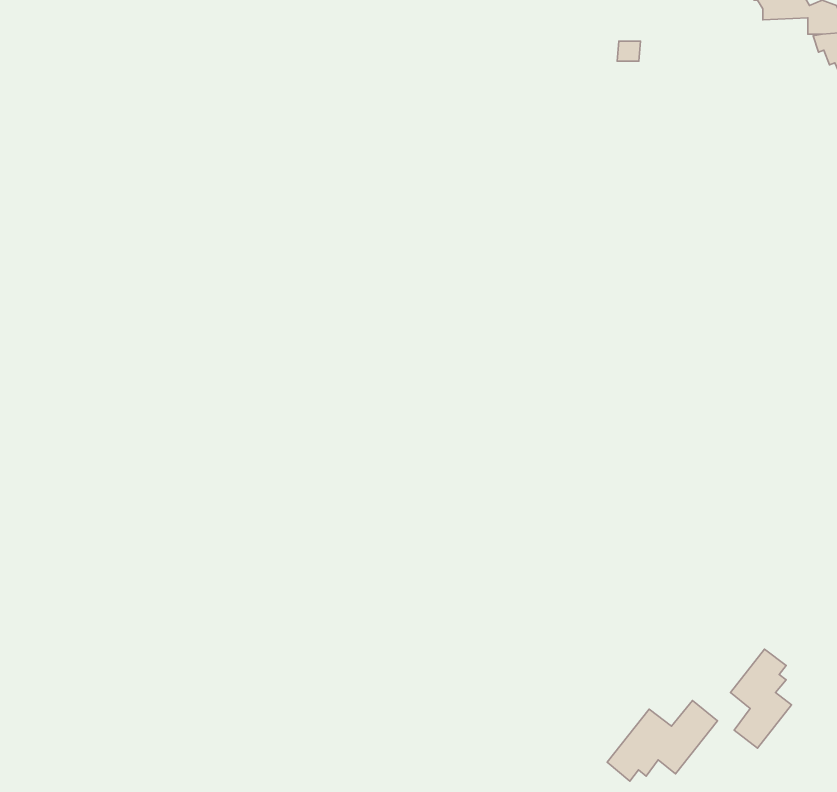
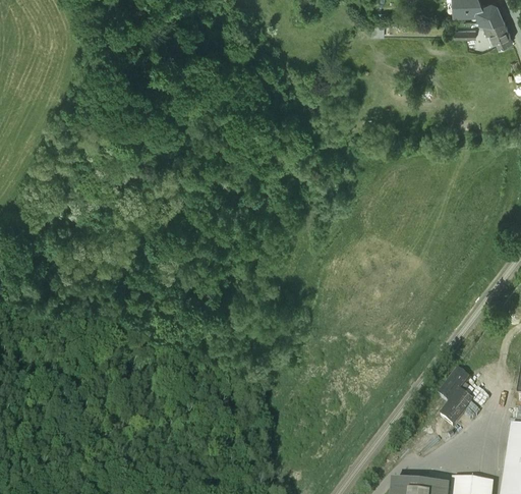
building: [607,701,717,781] -> none

